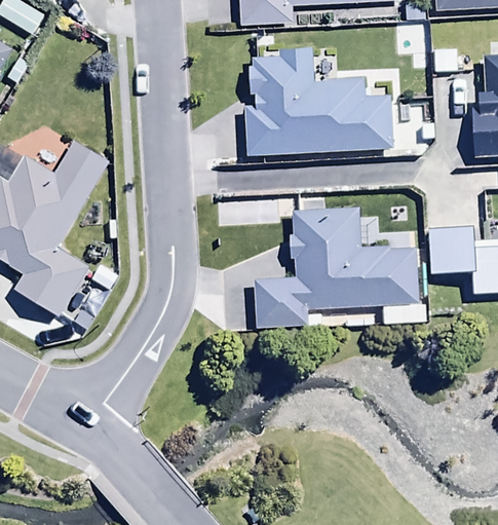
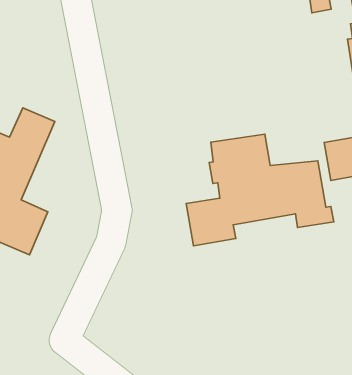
building: [244,45,393,156] -> none

